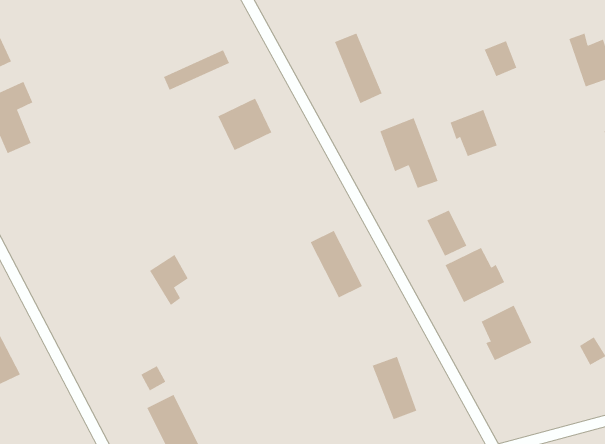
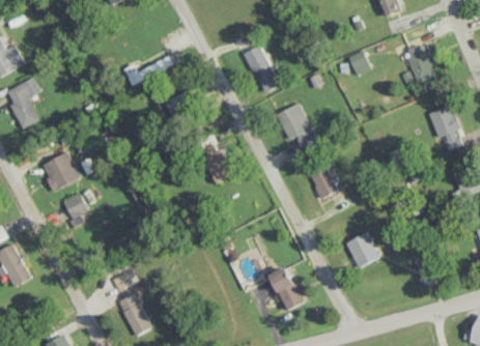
building: [450,109,497,157] -> none
building: none -> [41,152,80,191]
building: [310,230,363,298] -> [197,137,233,183]
building: [445,247,505,303] -> none
building: [149,254,188,306] -> [61,192,88,227]

